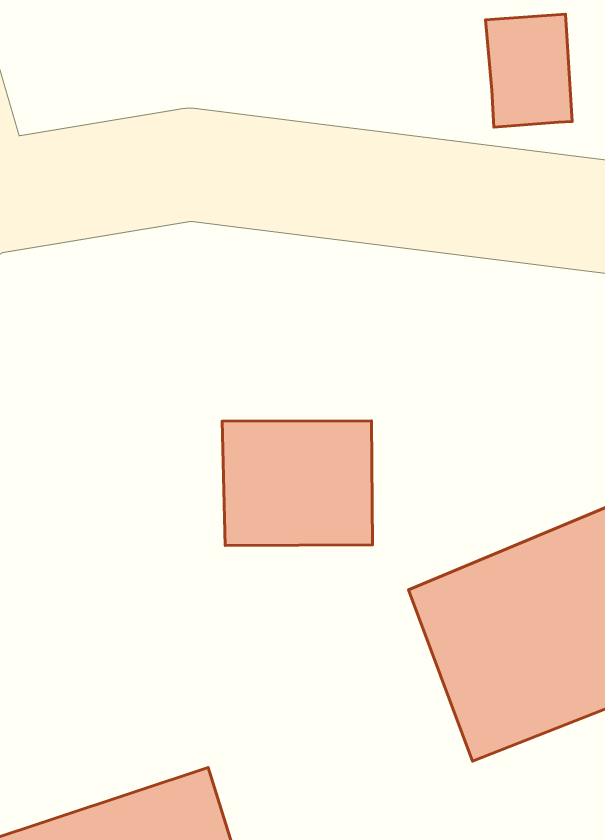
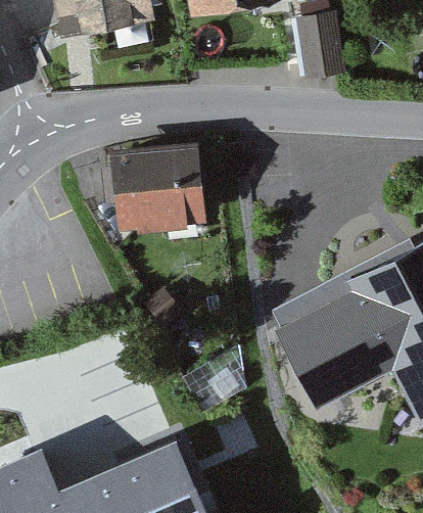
building: [222,421,372,546] -> [113,147,199,221]

